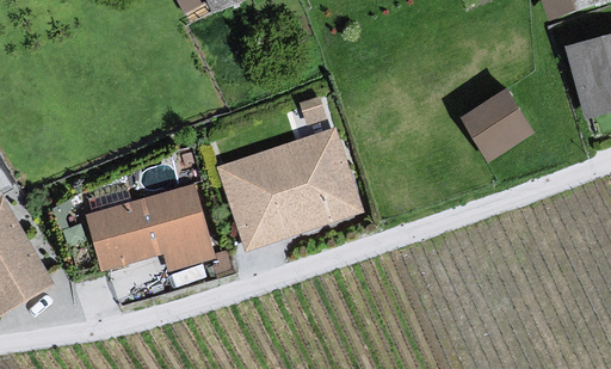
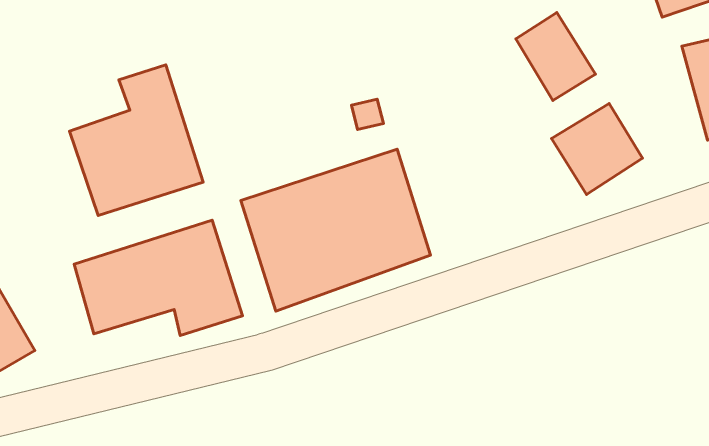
building: none -> [516,13,596,100]
building: none -> [69,65,203,215]

